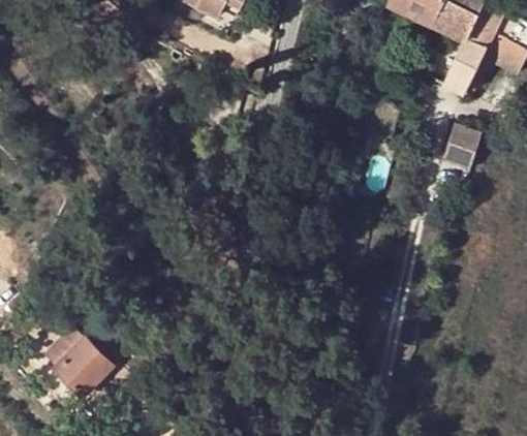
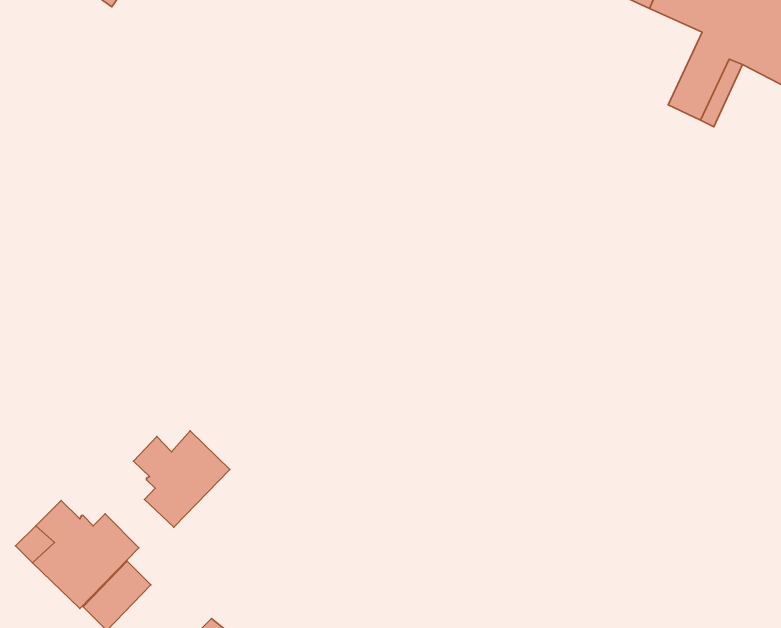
building: [440,124,478,168] -> none
building: none -> [133,431,230,527]

